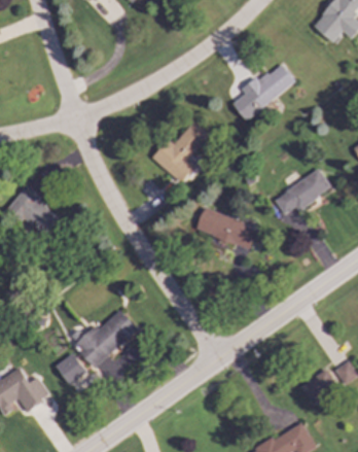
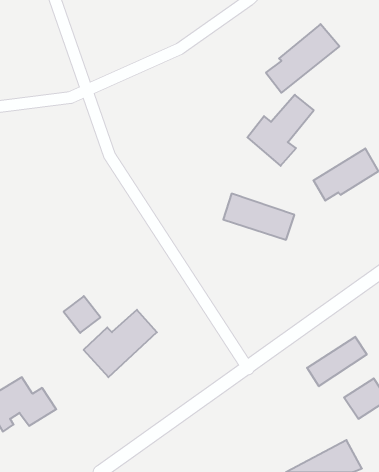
building: [152,121,210,183] -> [247,95,314,166]
building: [7,187,61,237] -> none
building: none -> [307,337,367,386]
building: [56,353,87,385] -> [64,296,100,333]

